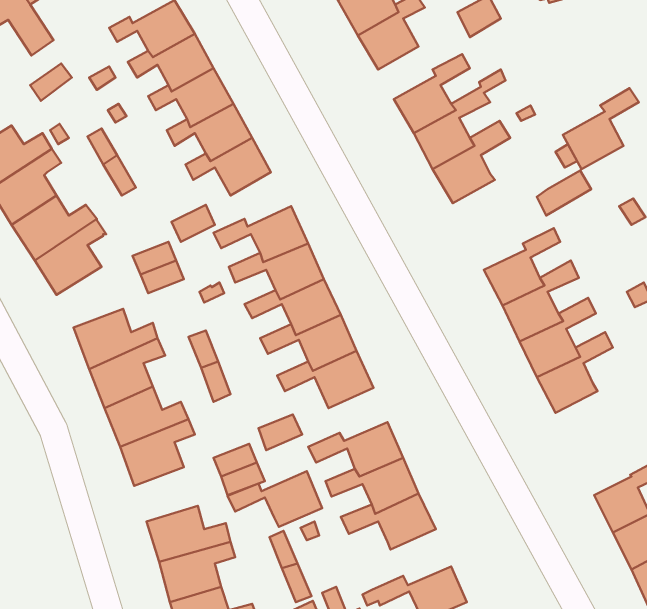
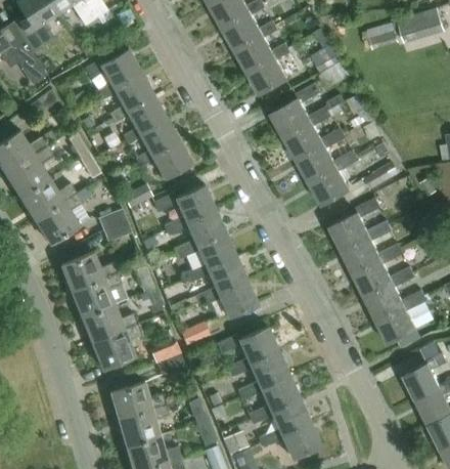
building: [563,88,639,169] -> [310,152,360,205]
building: none -> [377,291,426,344]
building: [227,471,322,527] -> [246,397,309,434]

